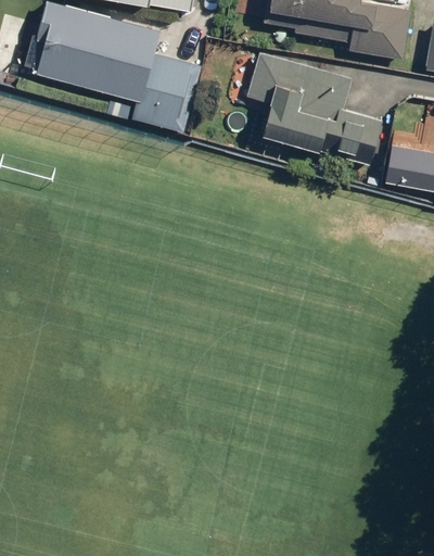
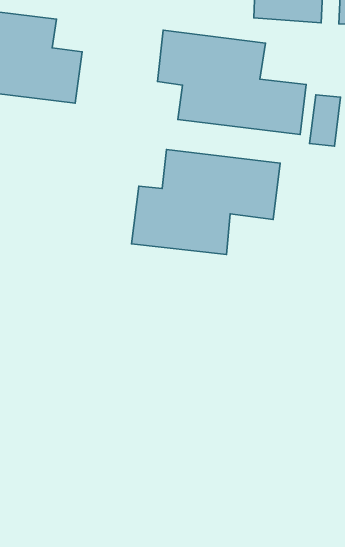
building: none -> [132,149,280,255]

